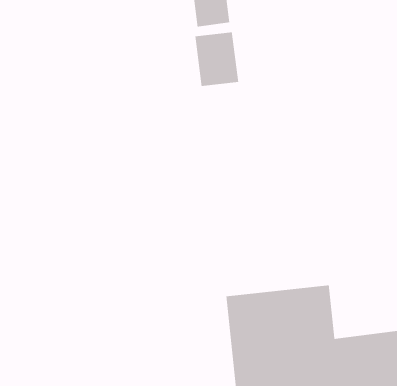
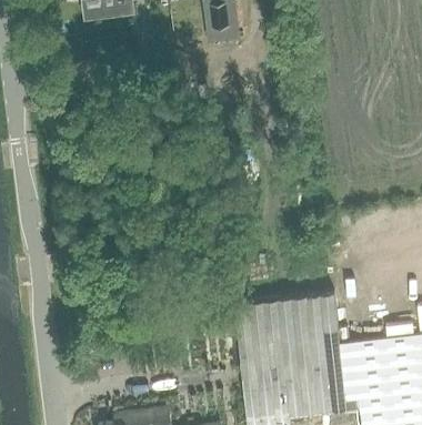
building: [195,31,239,87] -> none

